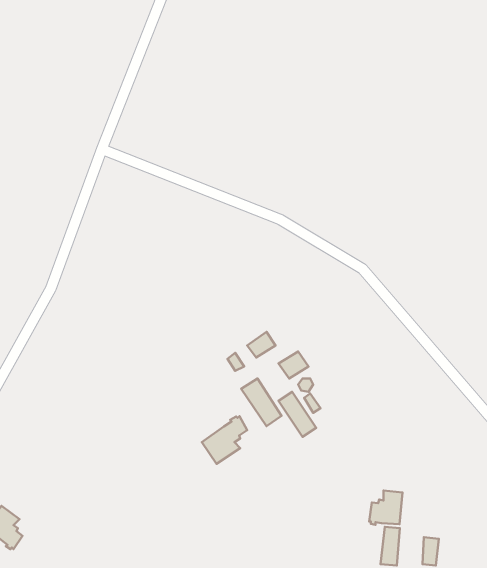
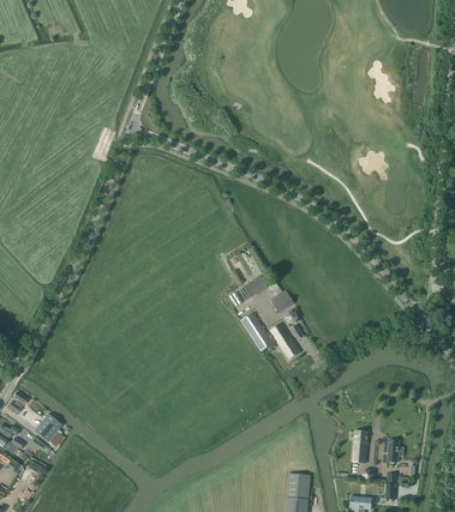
building: [202,416,247,464] -> none
building: [369,490,402,525] -> none

